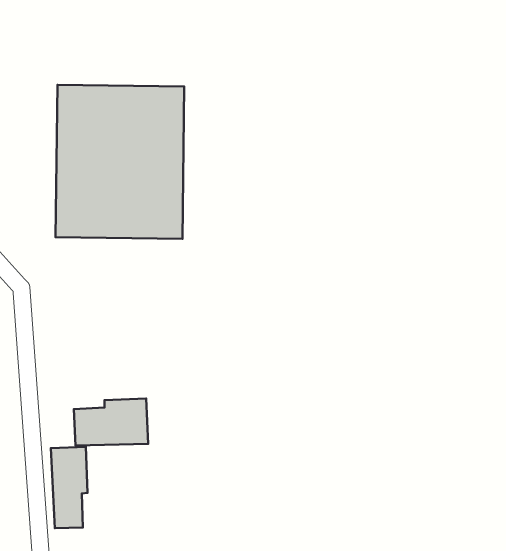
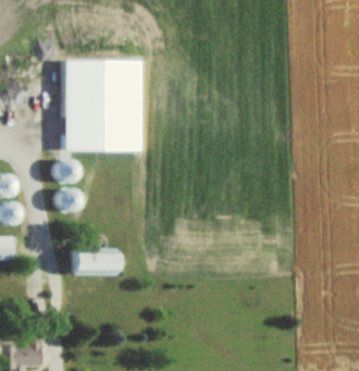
building: [51,447,87,528] -> none

